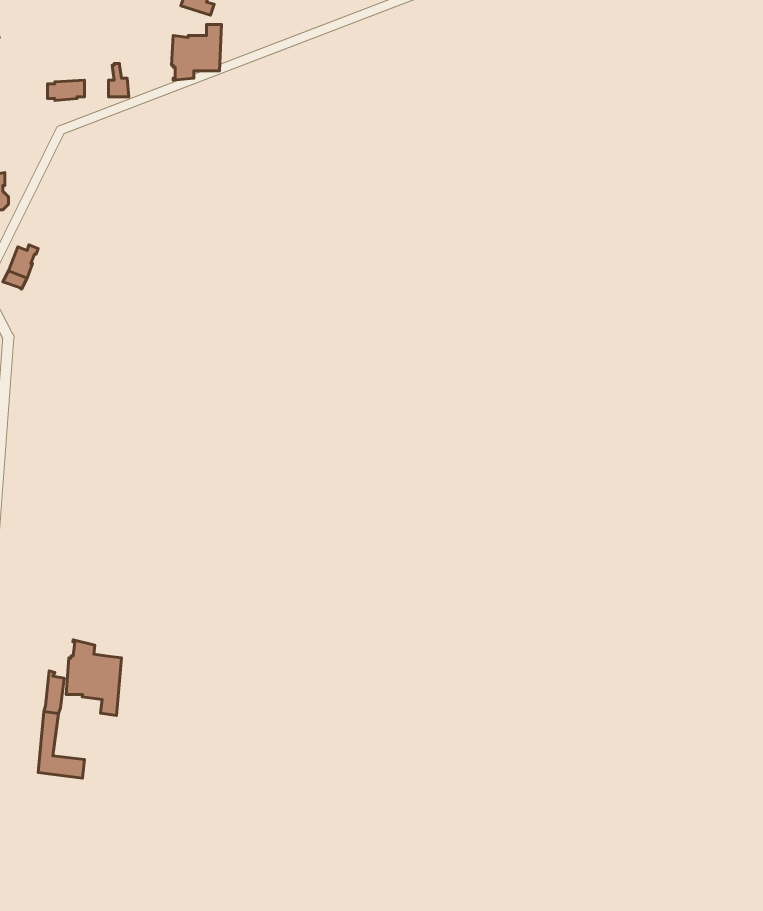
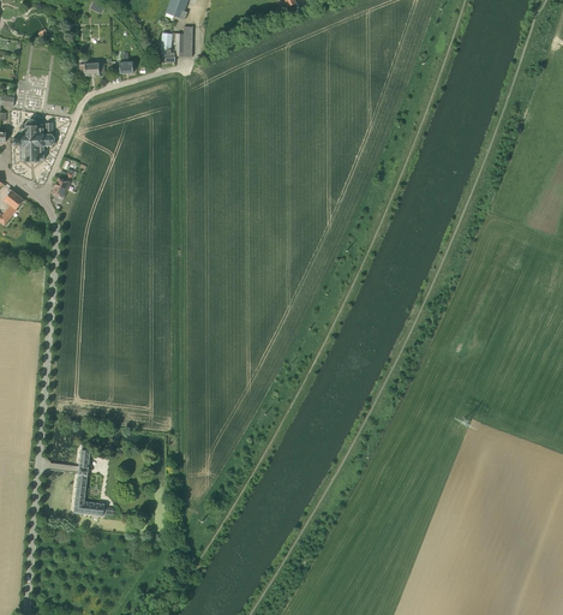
building: [66,640,122,715] -> none

